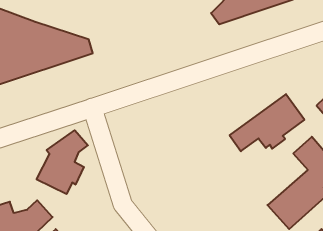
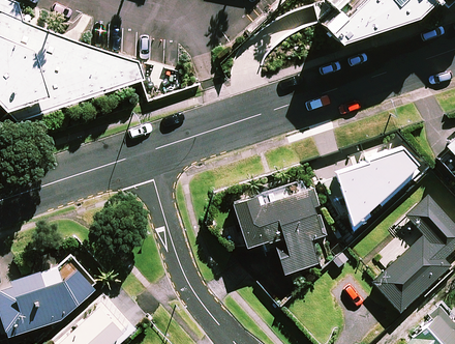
building: none -> [234,173,324,268]
building: [37,130,88,194] -> none

